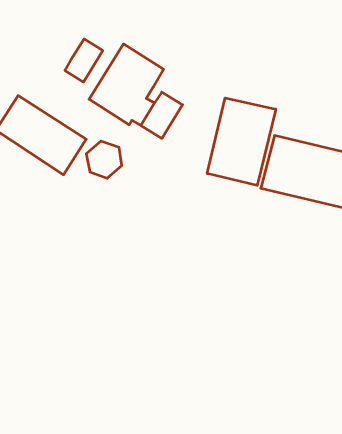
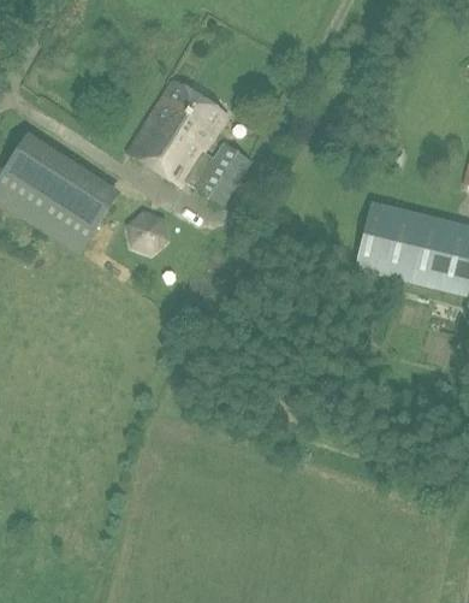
building: [65,39,103,82] -> none
building: [207,98,276,185] -> none

